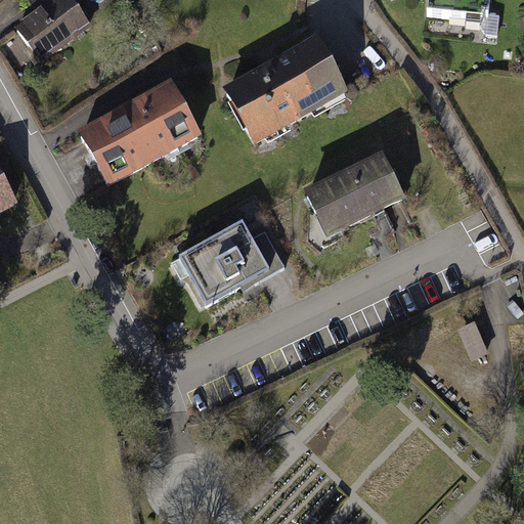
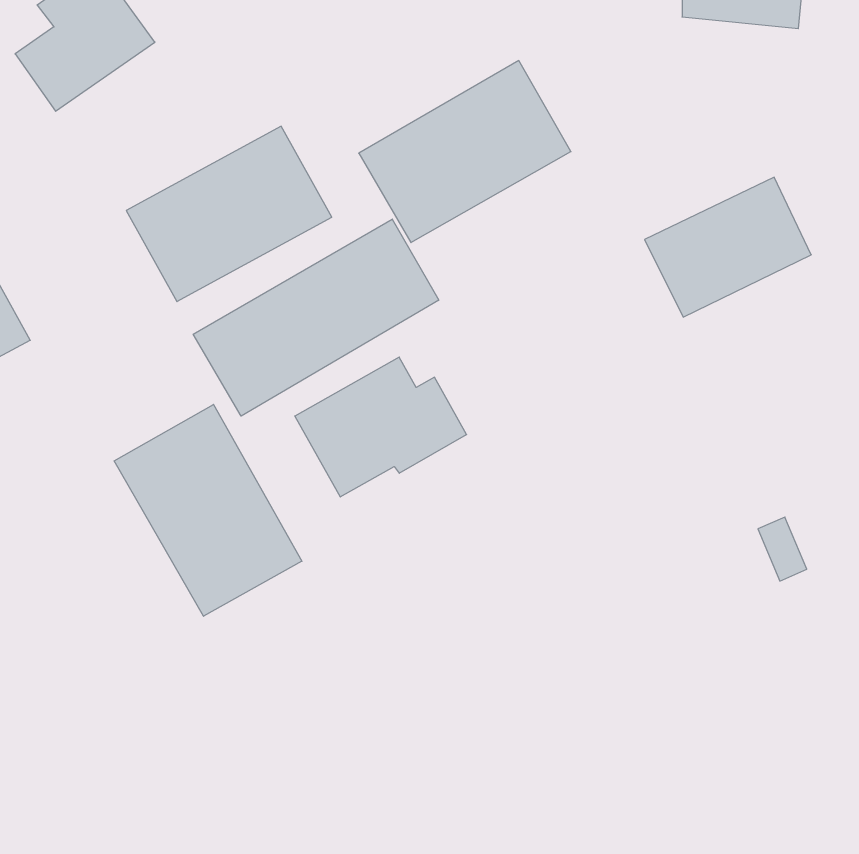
building: none -> [193,219,439,416]
building: [304,149,405,234] -> [645,177,811,317]
building: none -> [114,404,302,616]

